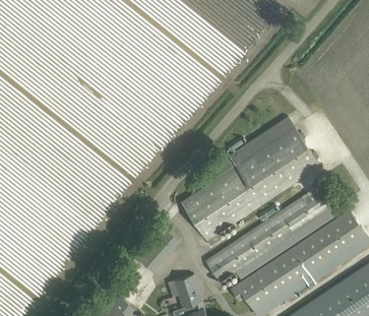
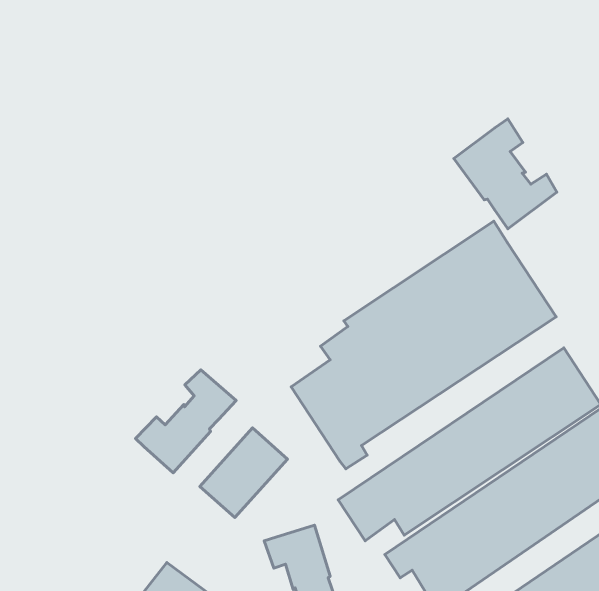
building: none -> [454,119,557,229]
building: none -> [135,370,236,473]

